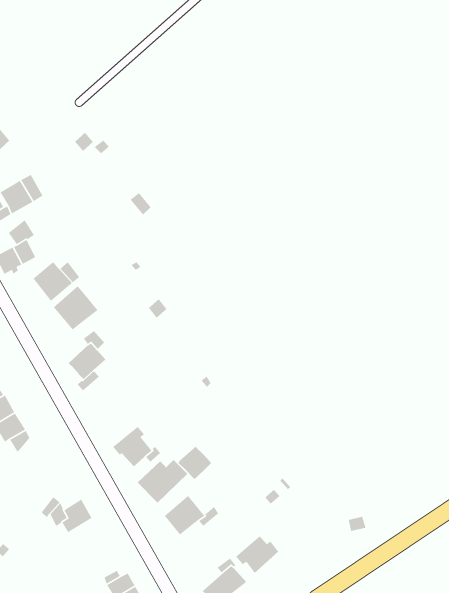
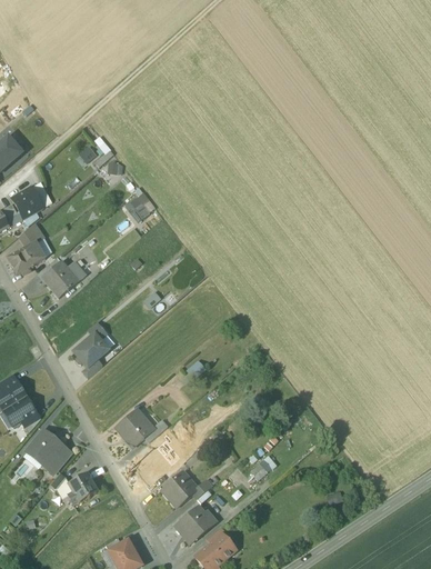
building: [53,285,99,331] -> none
building: [178,445,213,480] -> none
building: none -> [28,430,66,475]
building: [235,536,279,574] -> [174,508,214,542]

